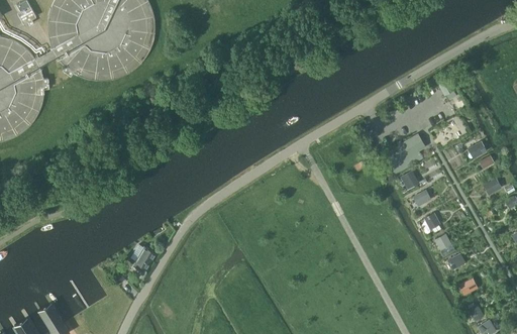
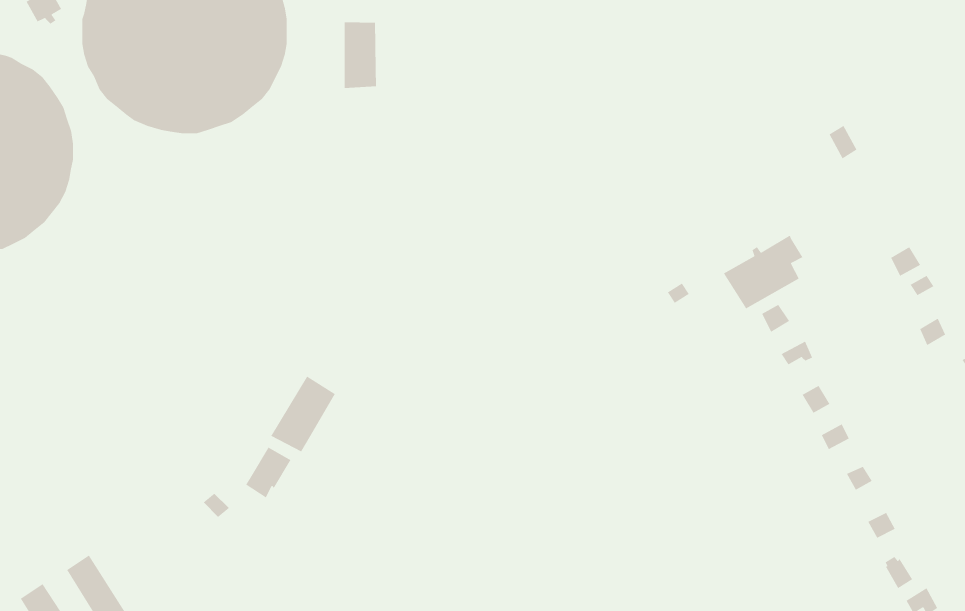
building: none -> [344,22,377,89]
building: none -> [270,375,336,452]

